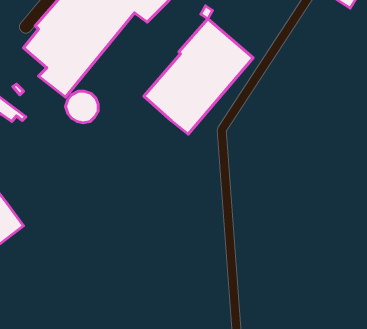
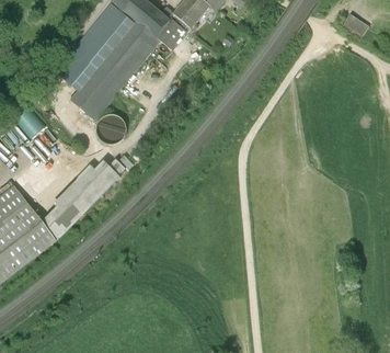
building: [144,19,253,134] -> none
building: none -> [41,153,134,239]

